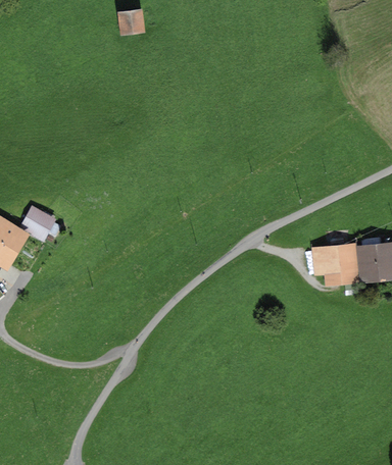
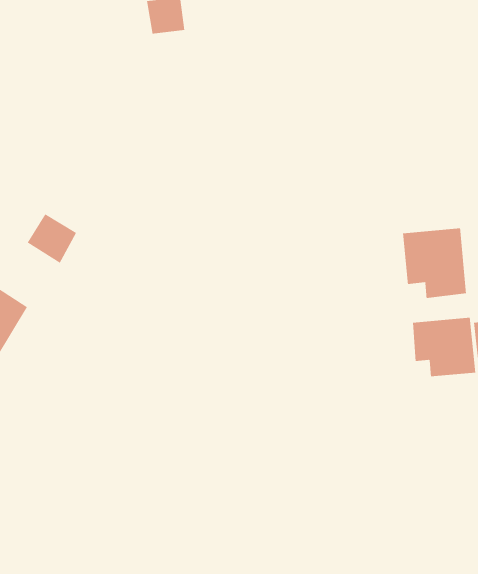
building: none -> [402,228,467,299]
building: [18,204,55,241] -> [27,213,77,263]

